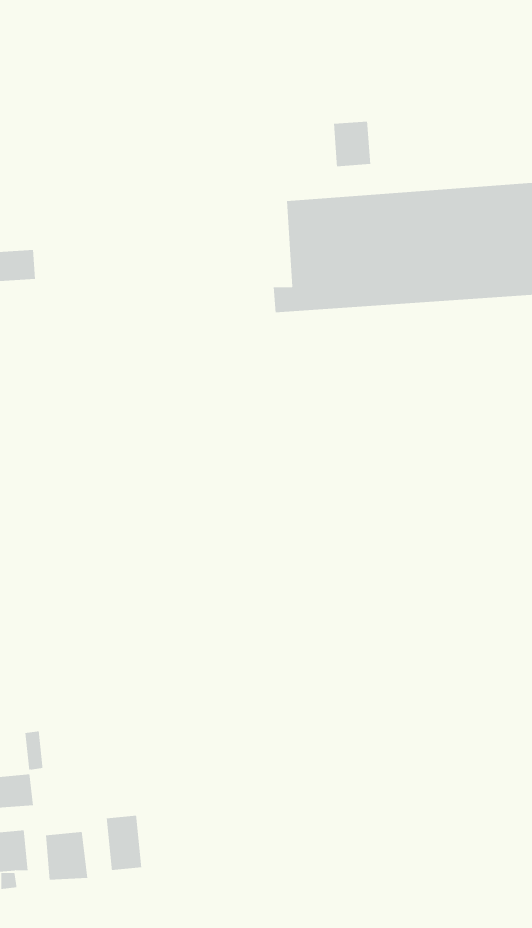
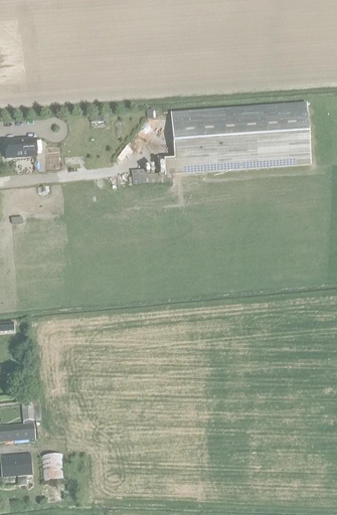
building: [333,121,371,167] -> none
building: [106,815,142,871] -> none

